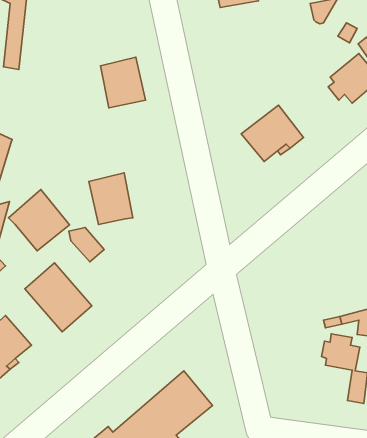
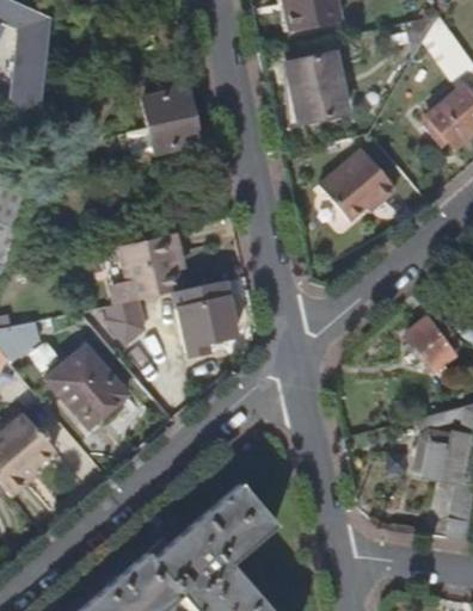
building: none -> [284,54,344,122]
building: [8,189,70,251] -> none
building: none -> [171,282,235,346]
building: none -> [404,319,454,371]

